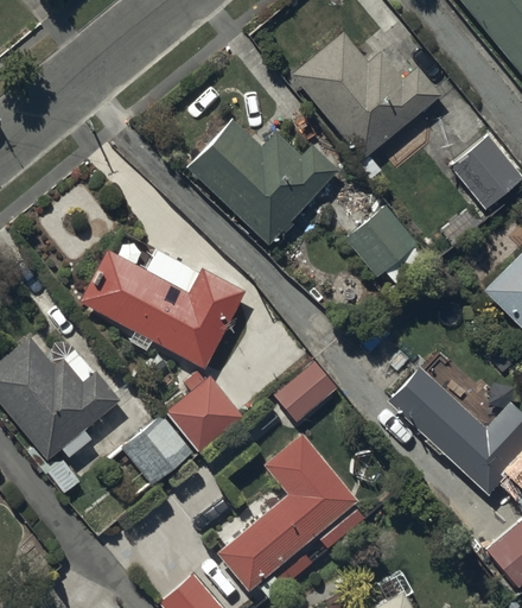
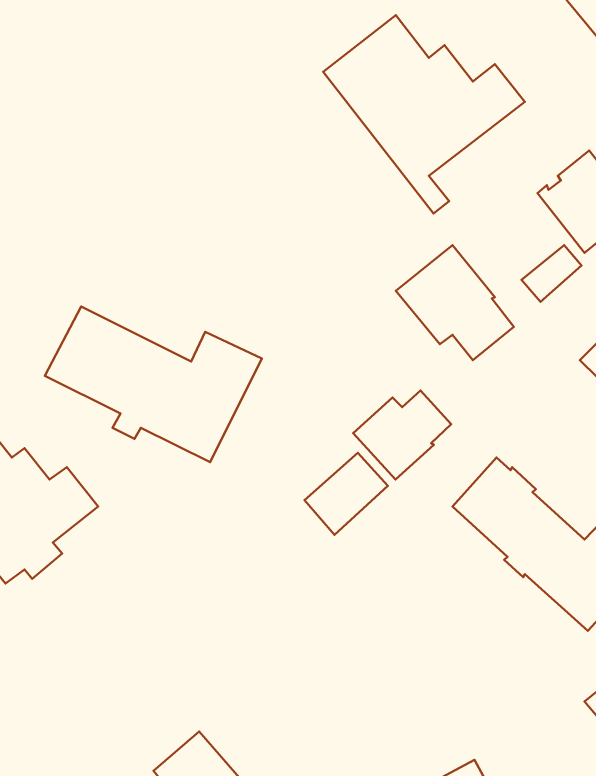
building: [186,118,338,245] -> none
building: none -> [353,391,451,479]
building: [121,370,244,484] -> none
building: [216,433,357,591] -> none

